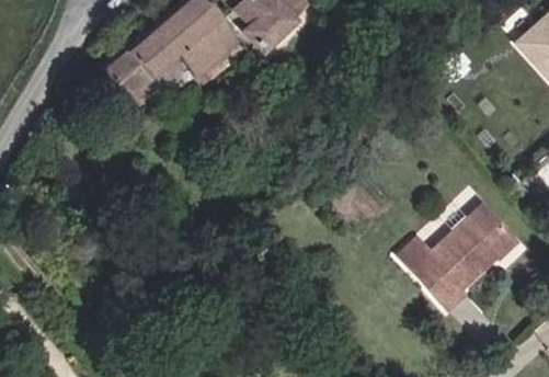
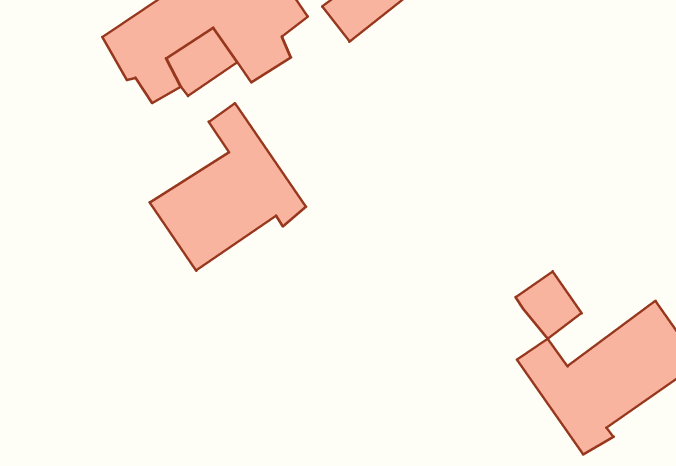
building: none -> [150,103,306,271]
building: none -> [516,271,582,339]

